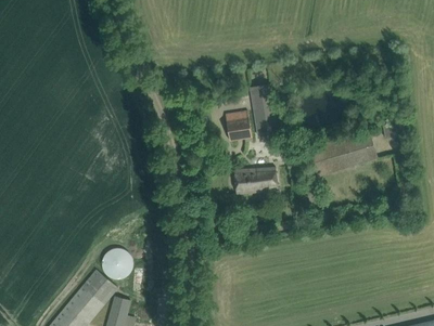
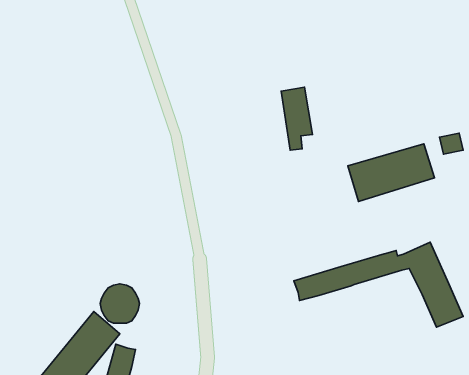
building: [225,110,252,142] -> none
building: [233,165,278,194] -> none
building: none -> [294,242,463,327]

